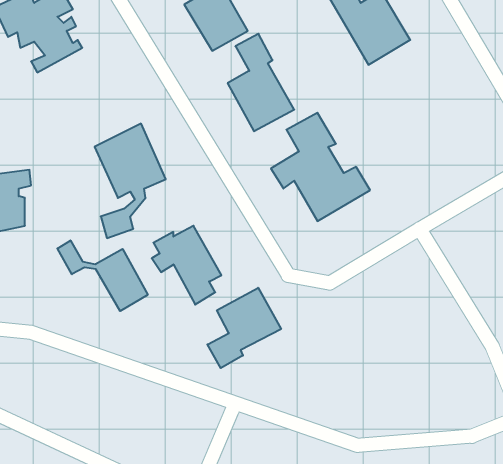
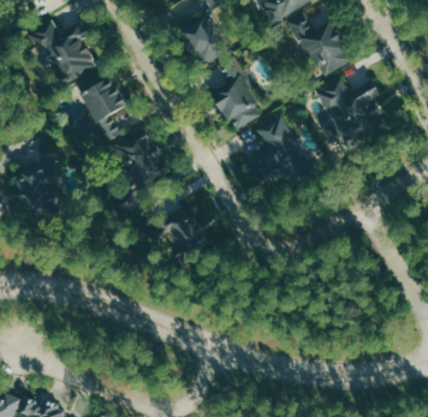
building: none -> [73,67,125,142]
building: none -> [316,77,387,149]
building: [57,240,148,311] -> none
building: [207,288,281,368] -> none

